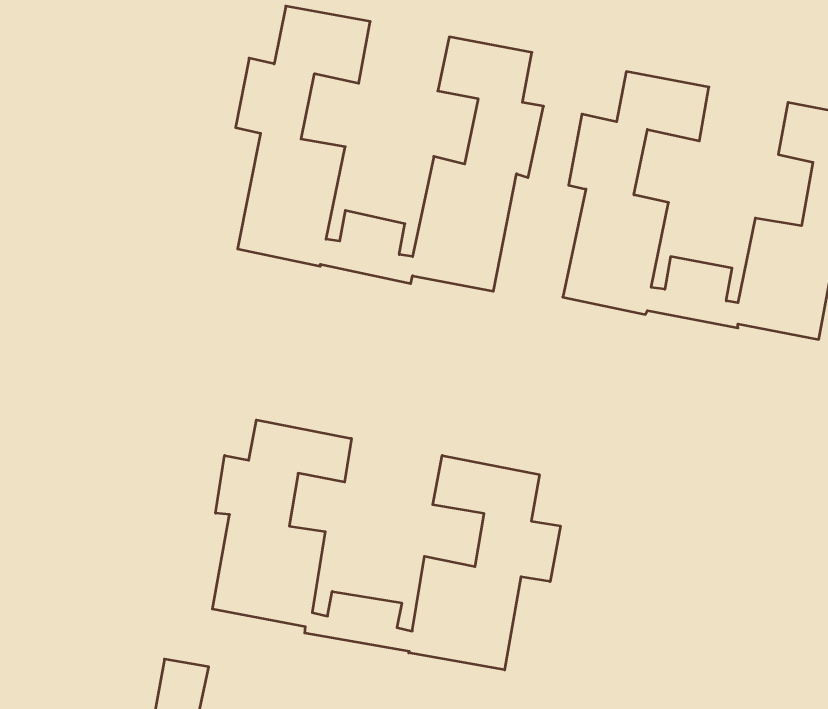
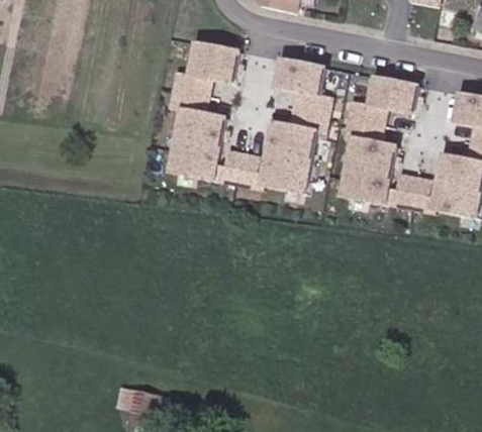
building: [212,420,560,670] -> none

